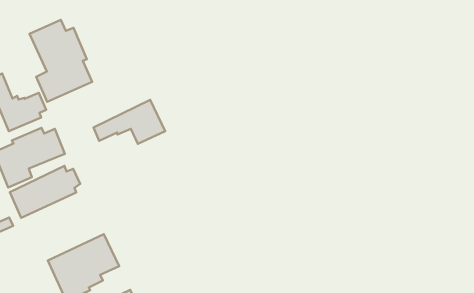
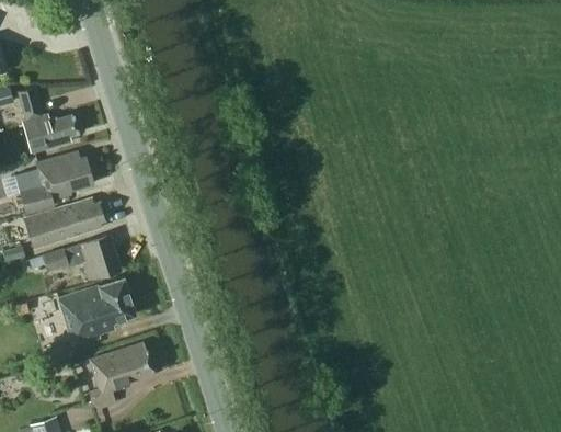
building: [29,20,92,102] -> none
building: [93,100,165,144] -> [43,234,121,280]

